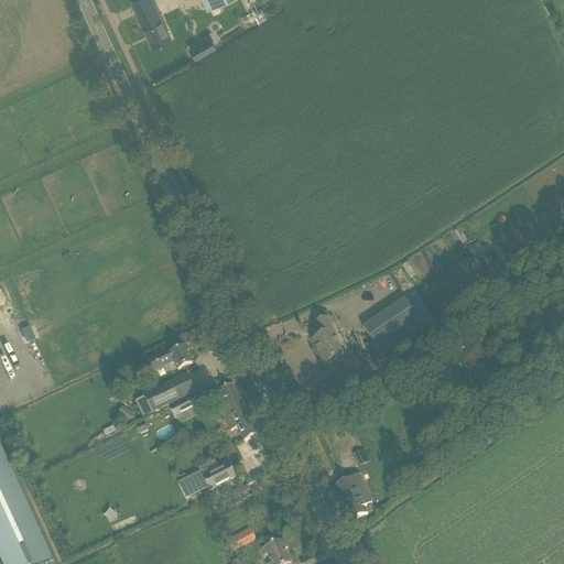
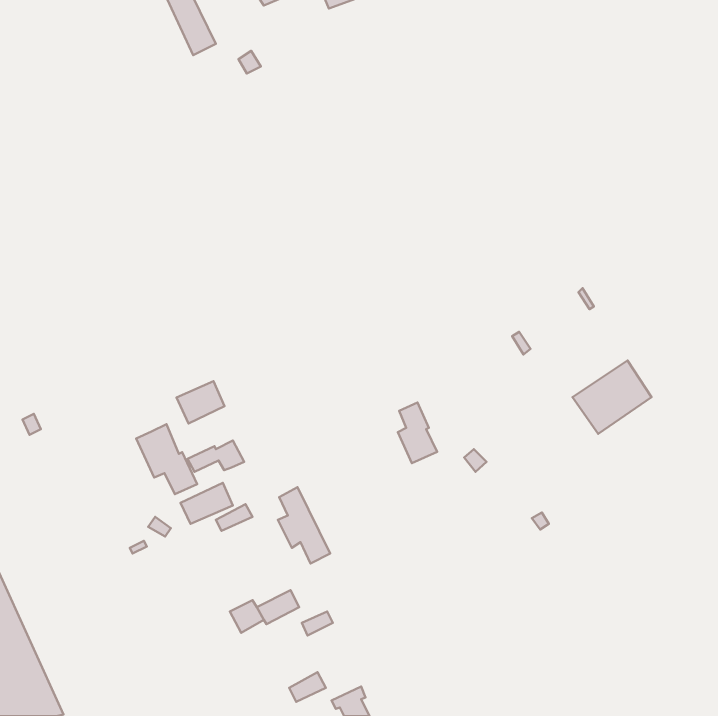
building: [360,295,422,352] -> [573,360,652,434]
building: none -> [177,381,224,424]
building: none -> [136,424,197,494]
building: [333,470,371,518] -> none

